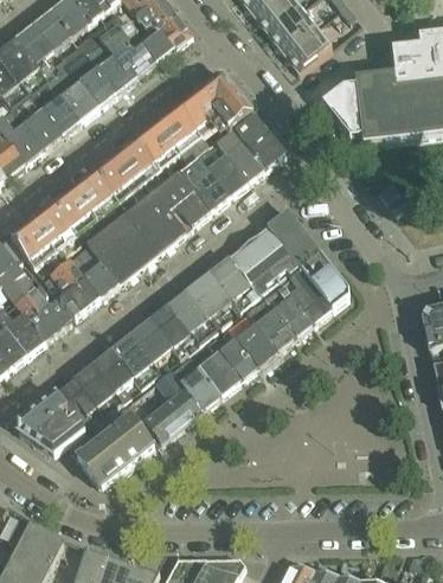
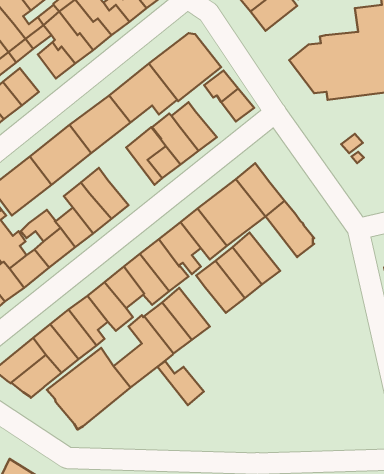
building: [40,95,78,134] -> none
building: [214,127,267,181] -> none
building: [123,192,181,252] -> none
building: [281,267,330,321] -> none
building: [207,333,256,379] -> [157,361,204,405]

